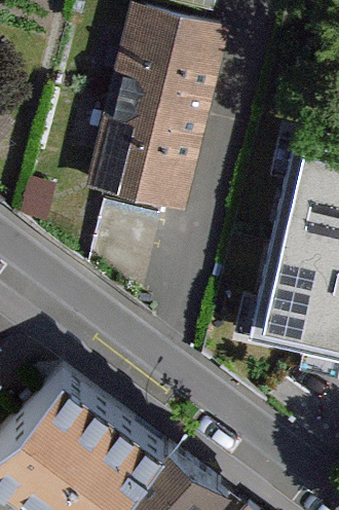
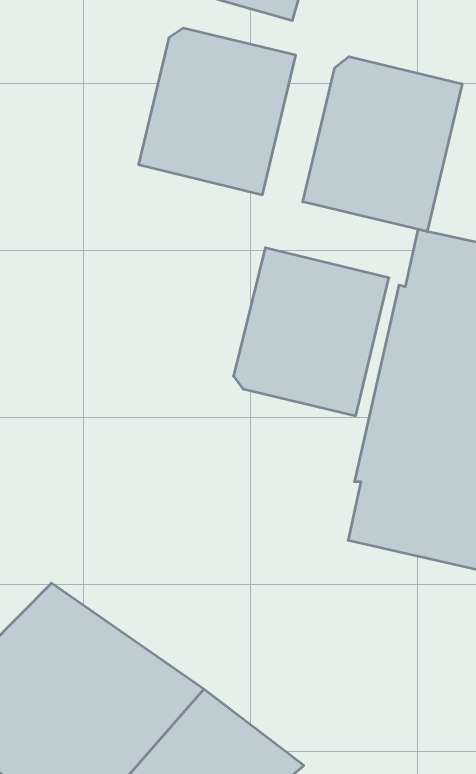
building: none -> [303,57,462,232]
building: [98,108,198,217] -> [233,248,389,416]

